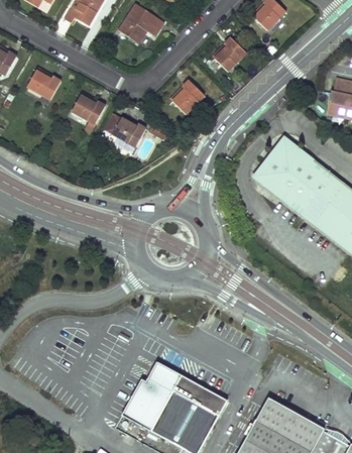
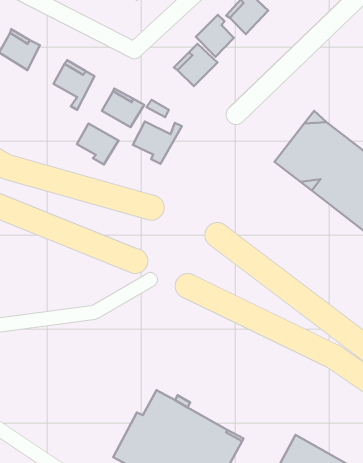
building: none -> [196,15,234,57]
building: none -> [133,122,182,164]
building: none -> [77,124,119,165]

